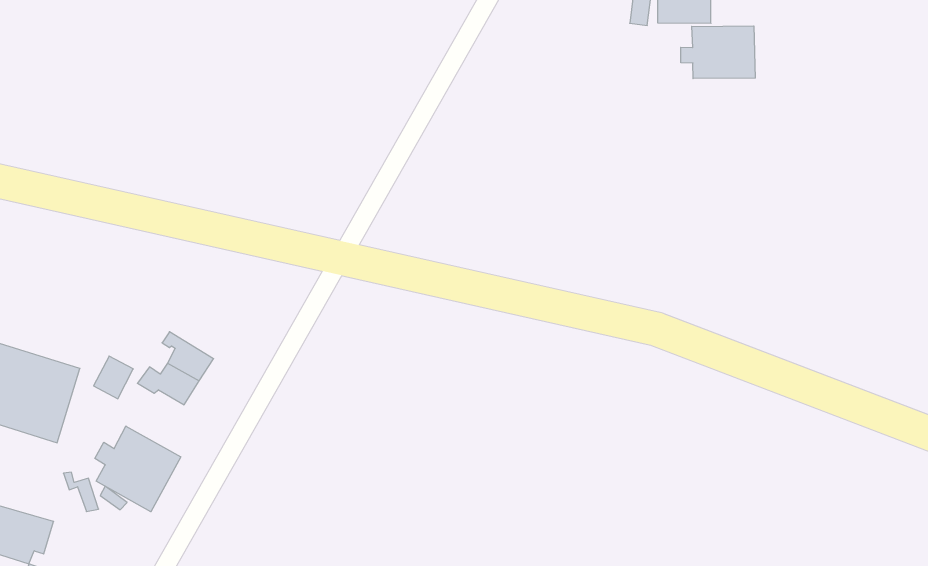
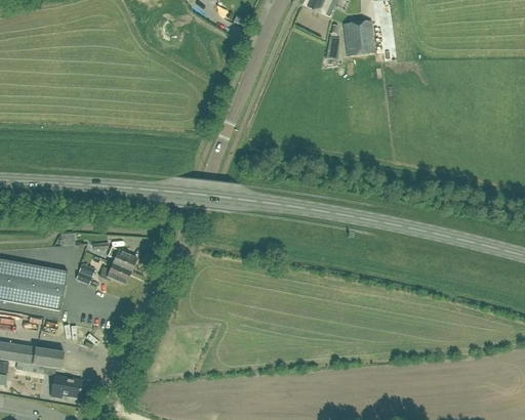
building: [681,26,755,79] -> none
building: [95,426,181,512] -> none

